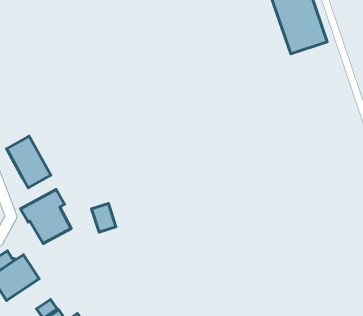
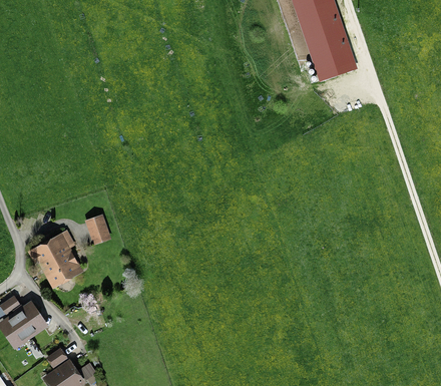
building: [7,136,51,188] -> none
building: [92,203,116,232] -> [85,214,111,245]

